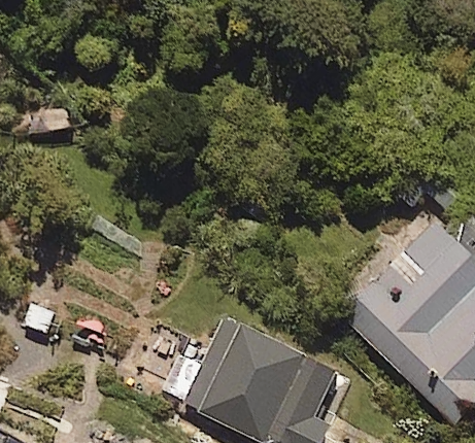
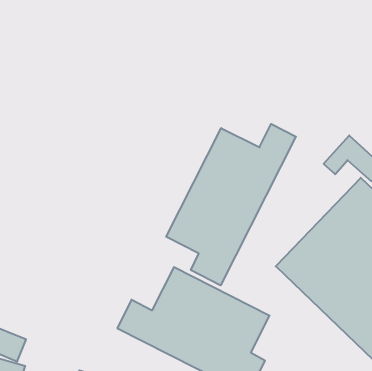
building: none -> [166,124,296,285]

